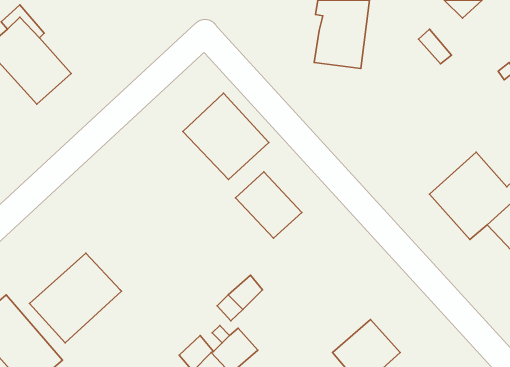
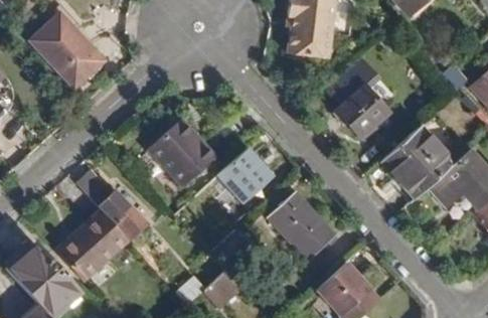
building: none -> [329,61,389,139]
building: [183,93,269,179] -> [138,118,208,188]
building: none -> [78,171,149,240]
building: none -> [269,191,337,262]

